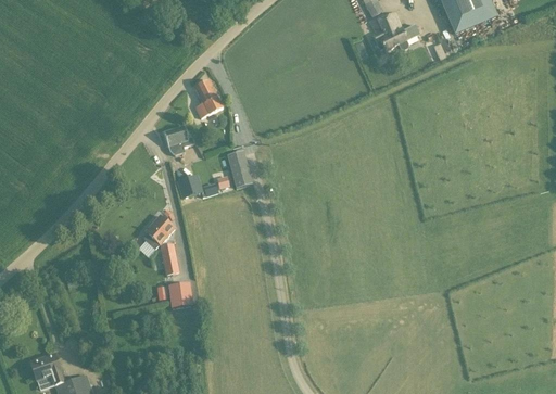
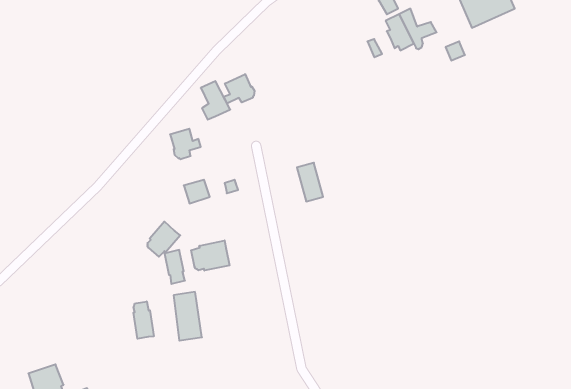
building: none -> [224,74,255,103]
building: [227,150,252,187] -> [297,163,323,201]
building: none -> [191,240,230,271]
building: none -> [133,301,154,339]

